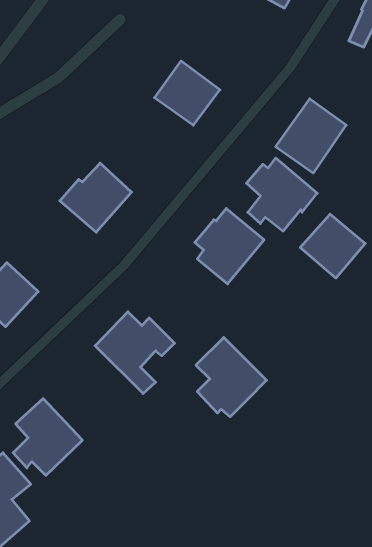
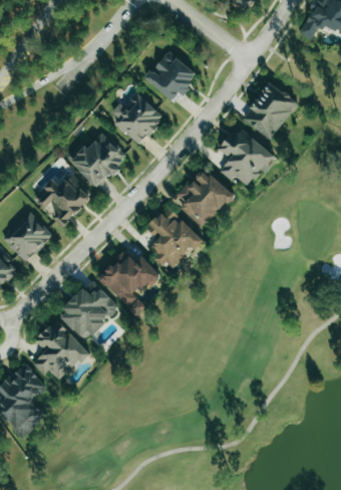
building: none -> [111,91,163,145]
building: [300,214,365,278] -> none
building: none -> [34,173,93,226]
building: [196,337,267,417] -> [146,205,203,268]
building: none -> [59,280,119,340]

